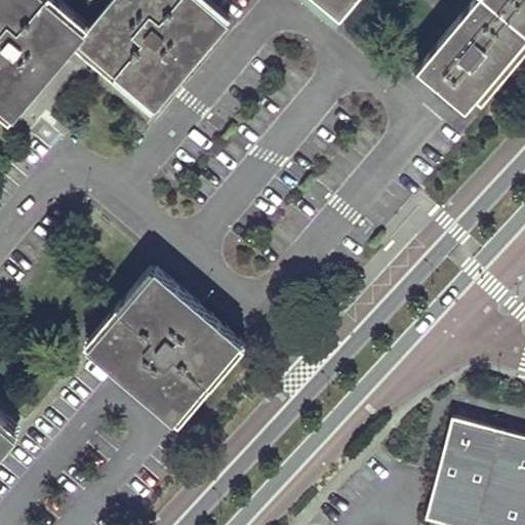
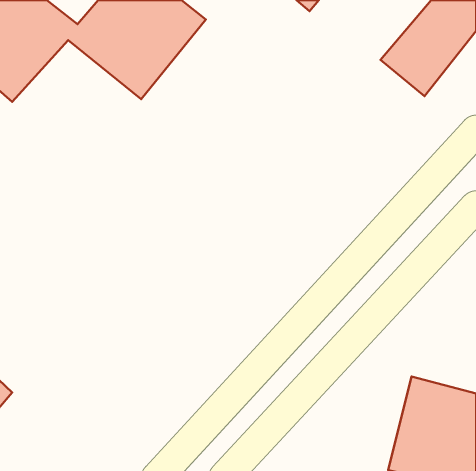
building: [89,275,239,425] -> none

